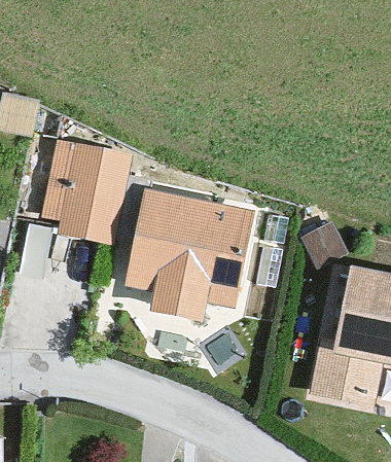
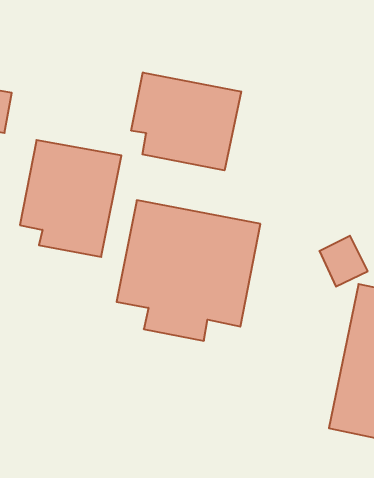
building: none -> [131,72,241,170]

